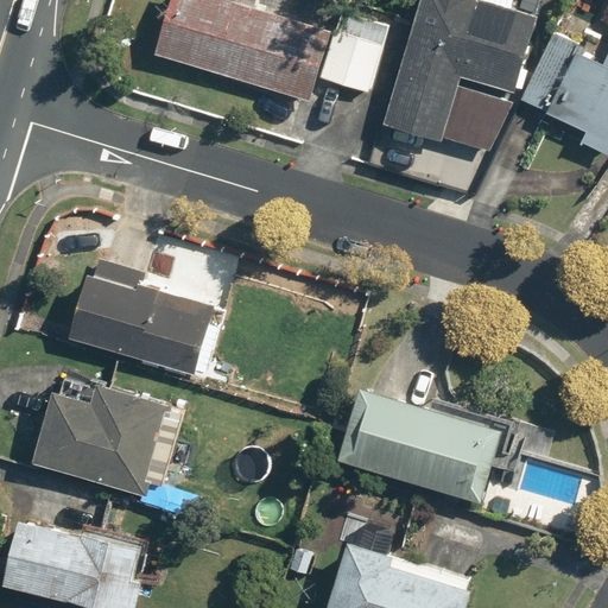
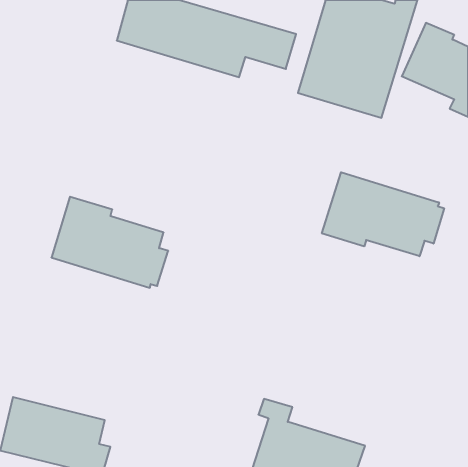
building: none -> [322,172,444,256]
building: [28,379,186,501] -> none
building: [322,386,514,506] -> none

